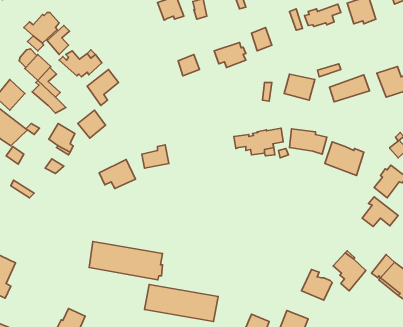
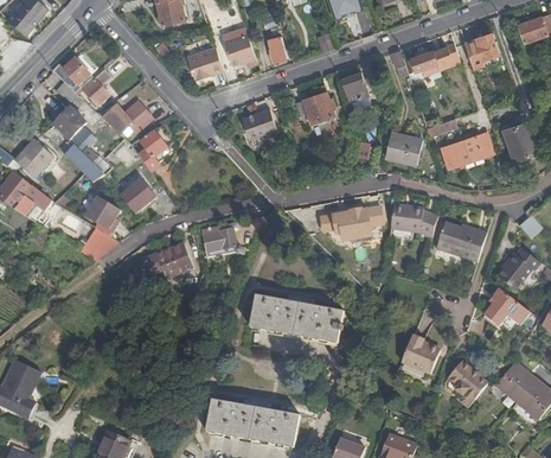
building: none -> [188,46,223,78]
building: [89,242,162,280] -> [249,294,342,343]
building: [301,269,332,300] -> [399,335,438,374]

